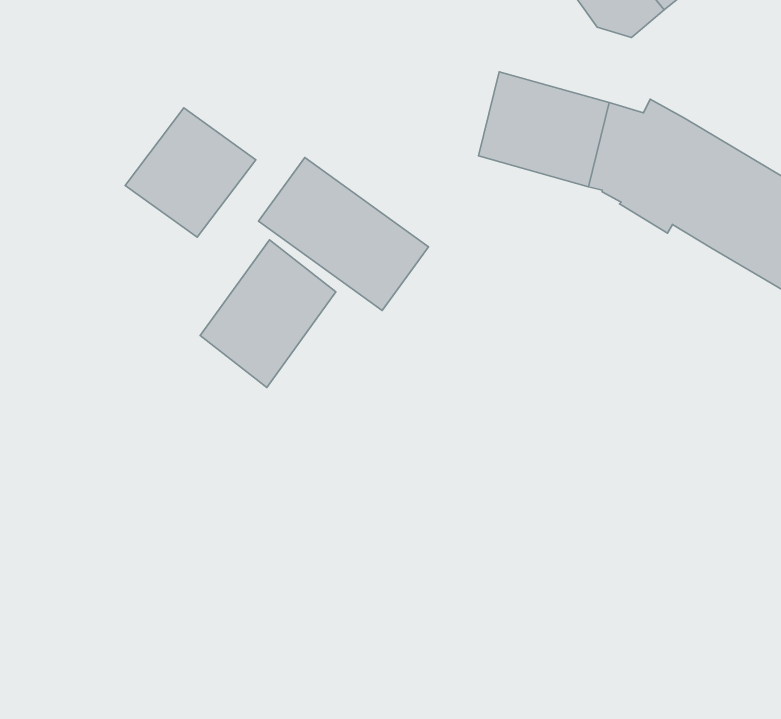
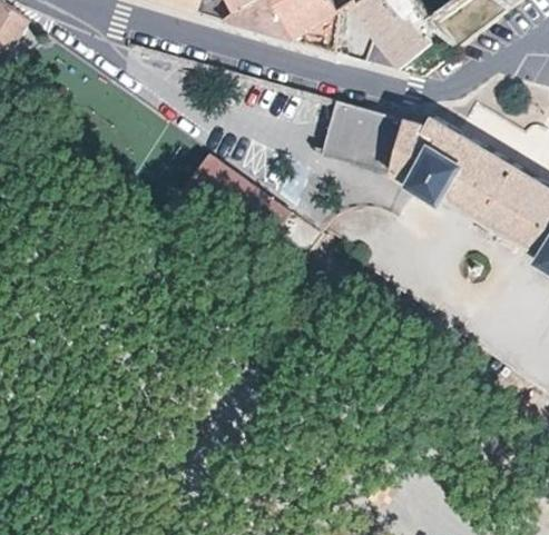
building: [125,108,256,237] -> none
building: [200,240,336,387] -> none

